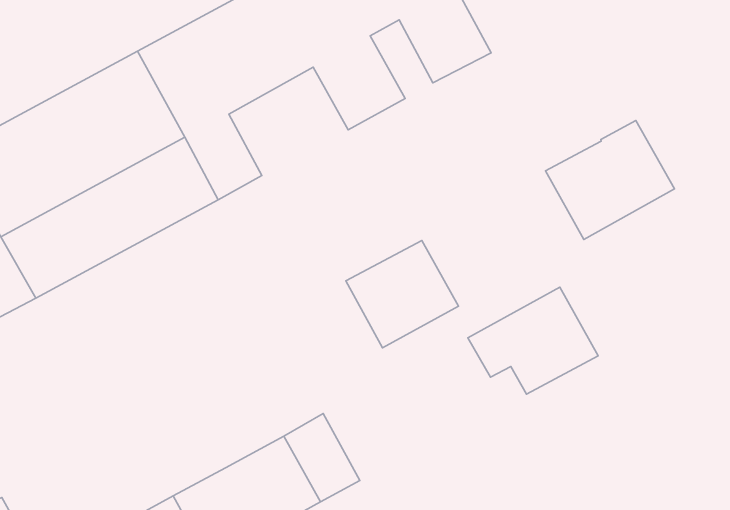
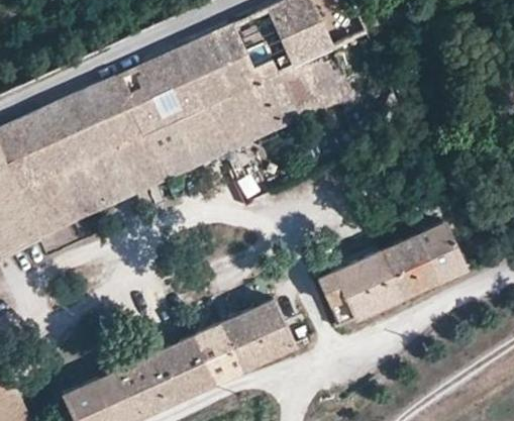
building: none -> [270,68,309,120]
building: none -> [172,95,250,165]
building: [546,120,674,239] -> [384,224,469,301]
building: [346,241,458,348] -> [220,303,294,373]

